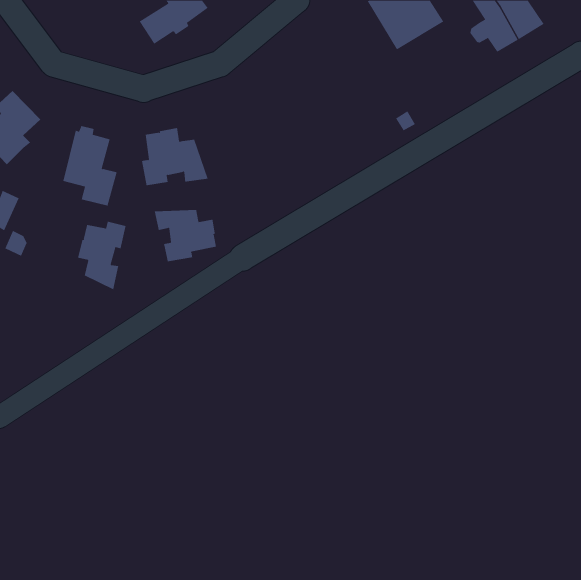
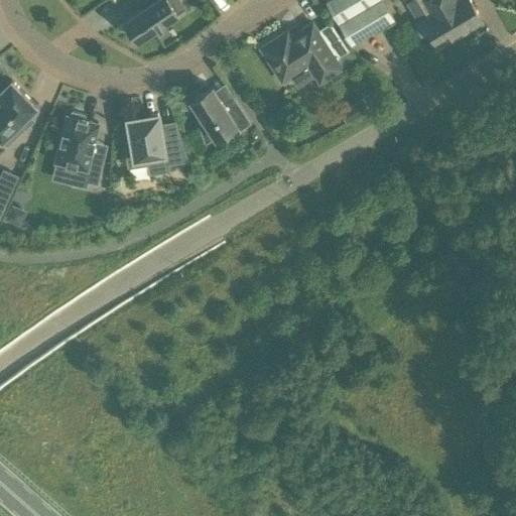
building: none -> [261,25,340,83]
building: none -> [189,87,250,139]
building: [154,209,217,262] -> none
building: [78,221,126,290] -> none

